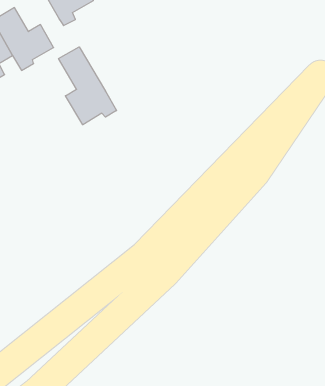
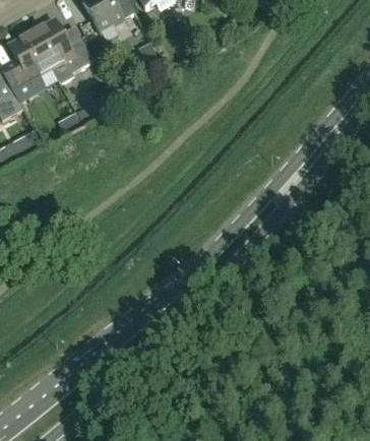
building: [59,47,117,125] -> none

